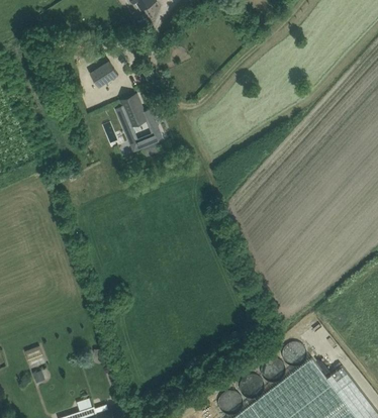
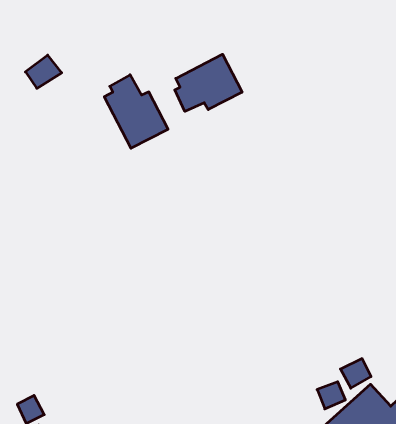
building: [89,61,118,87] -> [25,55,62,88]
building: none -> [175,54,242,111]

